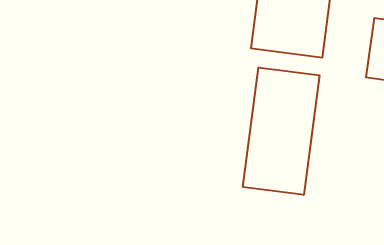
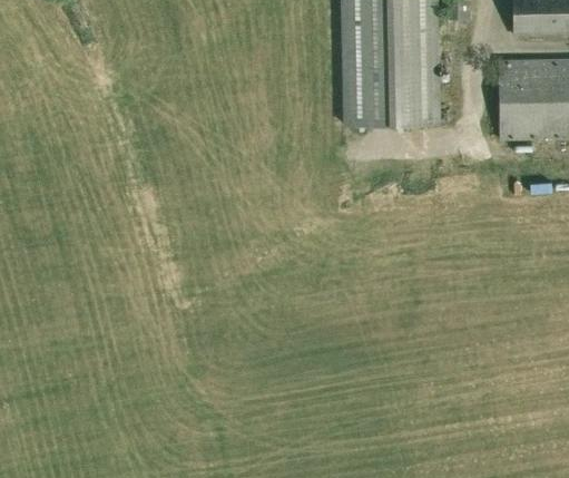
building: [243,67,319,195] -> none

